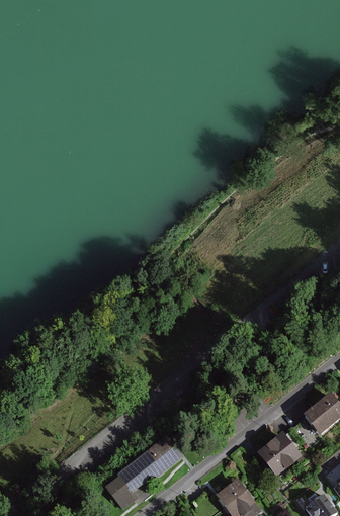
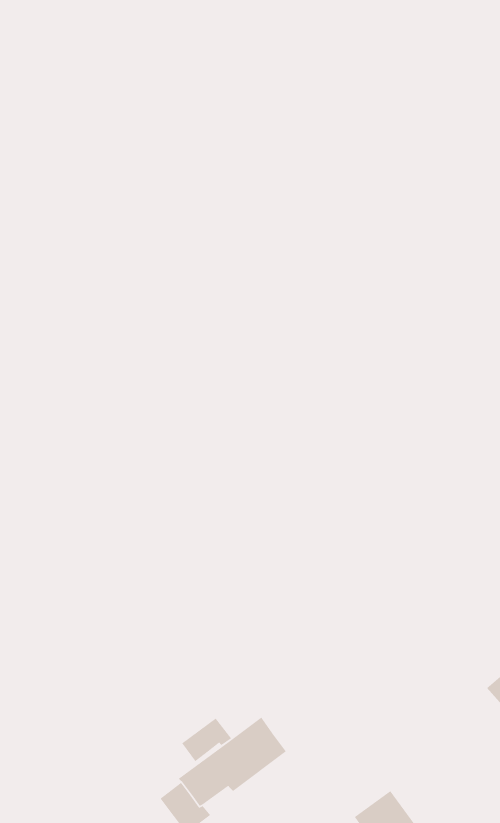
building: [259,434,296,471] -> none
building: none -> [181,717,232,762]

